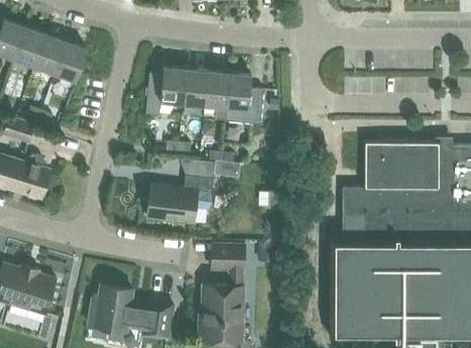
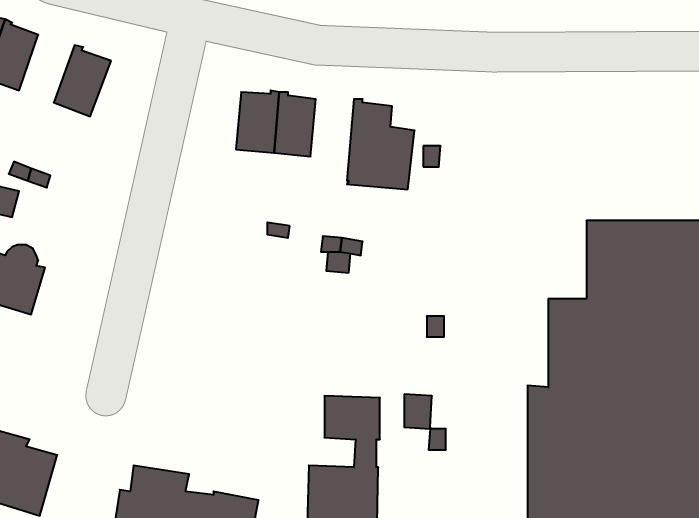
building: [33,33,66,73] -> none
building: [203,70,228,118] -> none
building: [147,175,213,223] -> none

